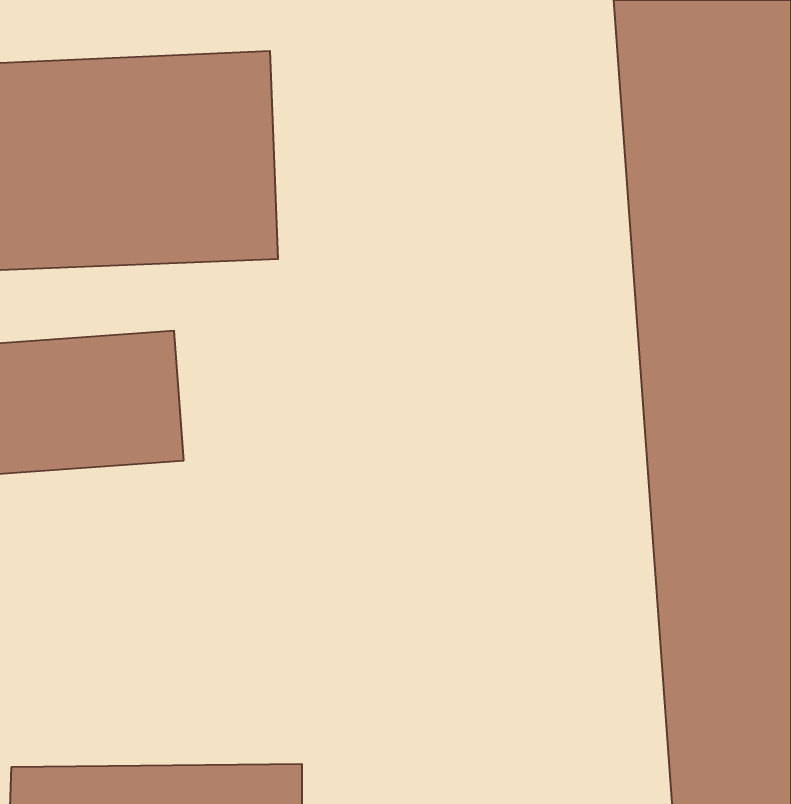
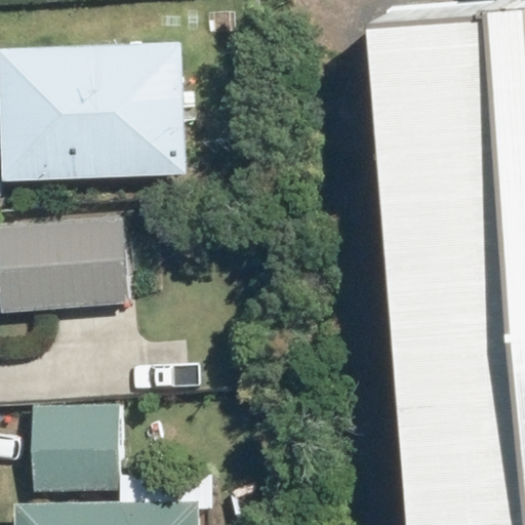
building: none -> [22,405,112,495]

